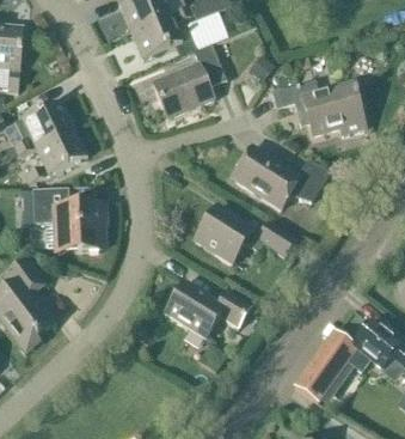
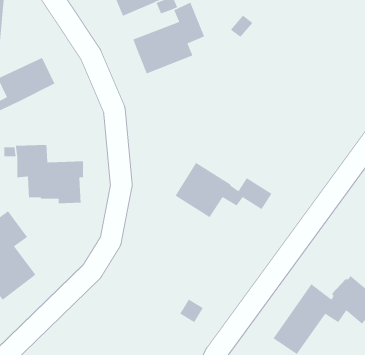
building: [271,79,364,135] -> none
building: [25,127,87,183] -> none
building: [234,146,330,207] -> none
building: [164,280,251,339] -> none

